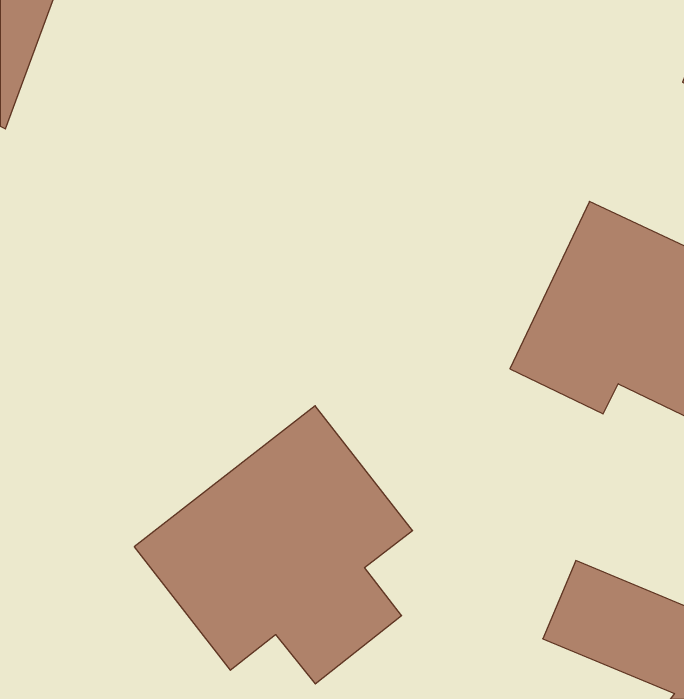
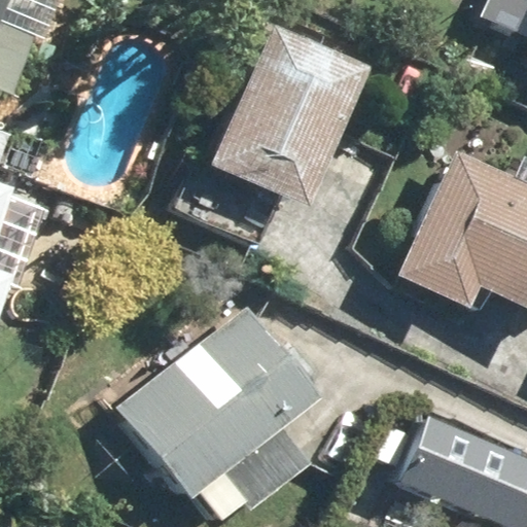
building: none -> [210,22,370,209]

